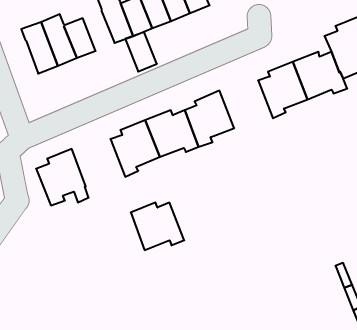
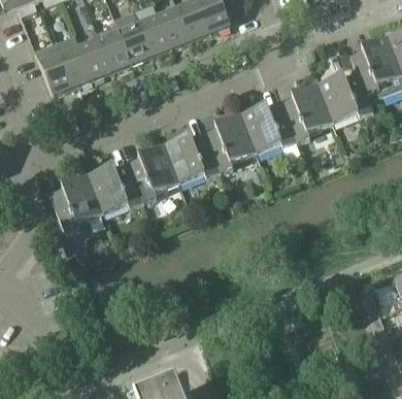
building: [125,32,157,72] -> [99,30,132,71]
building: none -> [241,102,297,152]
building: [131,203,184,250] -> [88,163,143,212]

